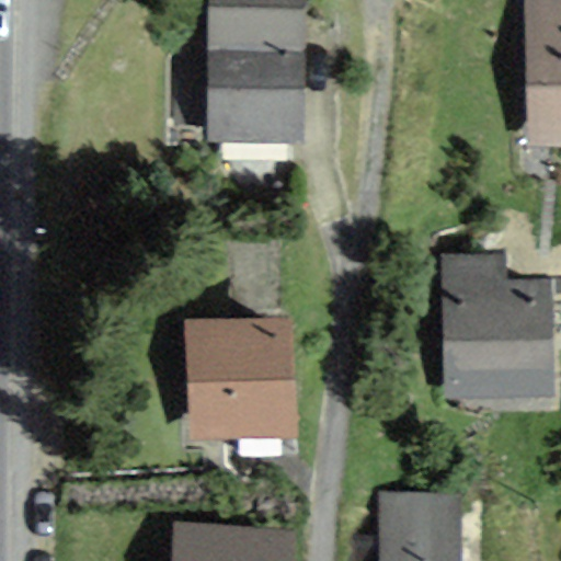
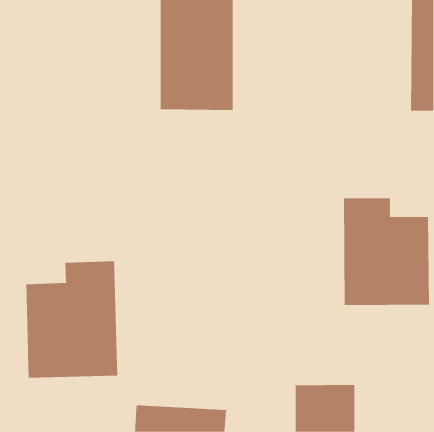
building: [185,321,298,440] -> none
building: none -> [26,261,118,378]

